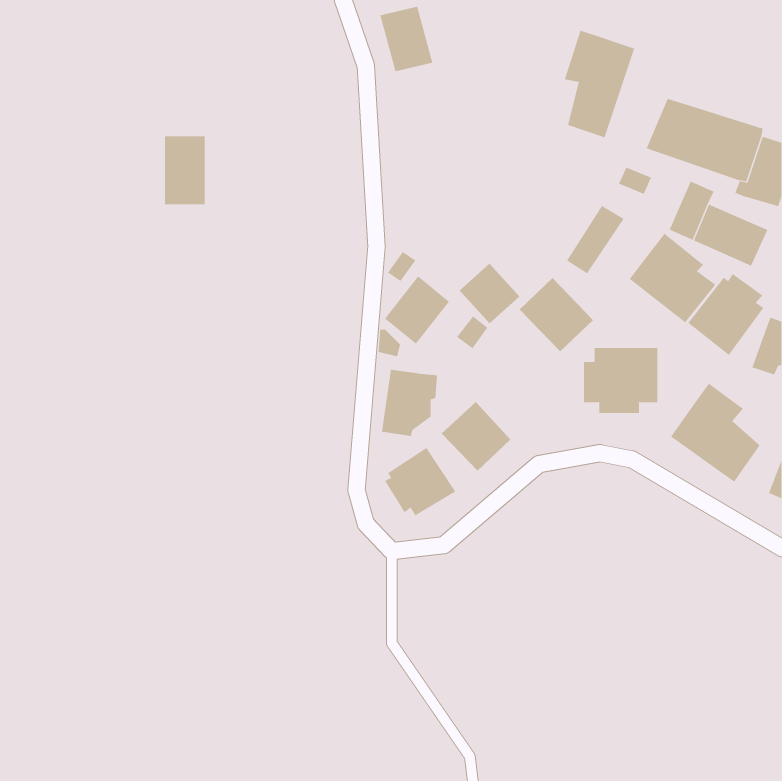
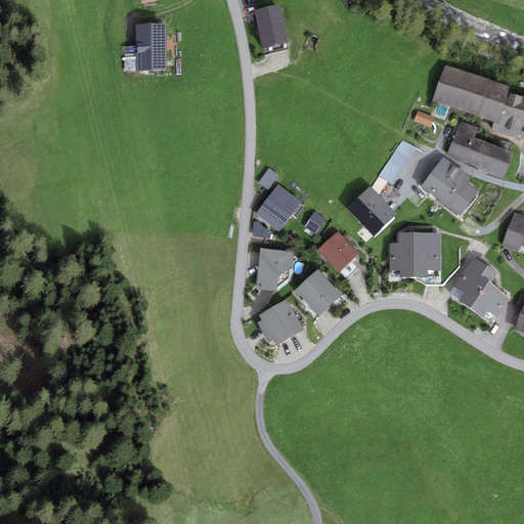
building: [564,30,635,138] -> none
building: [164,136,205,205] -> [139,28,167,74]
building: [459,263,520,324] -> [318,230,359,271]
building: [687,273,764,356] -> none

